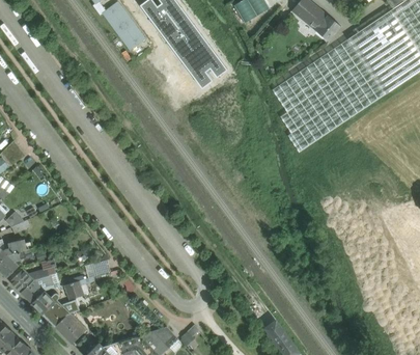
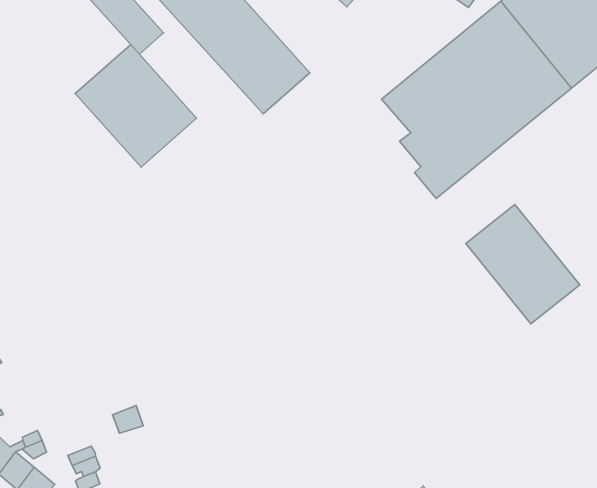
building: none -> [75,44,197,167]
building: none -> [466,204,580,324]

